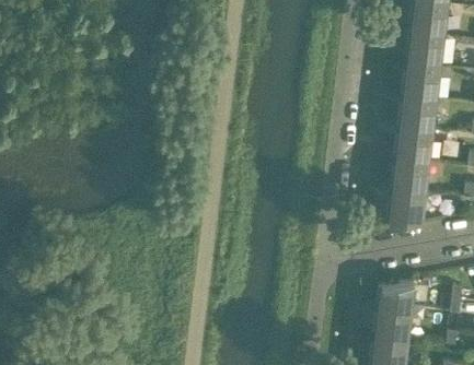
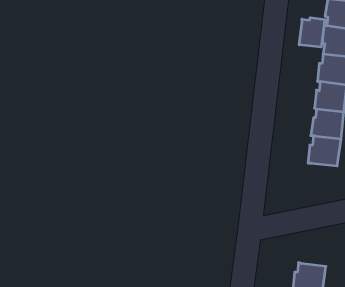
building: none -> [299,18,325,47]
building: [386,189,425,224] -> none
building: [377,281,415,308] -> none

